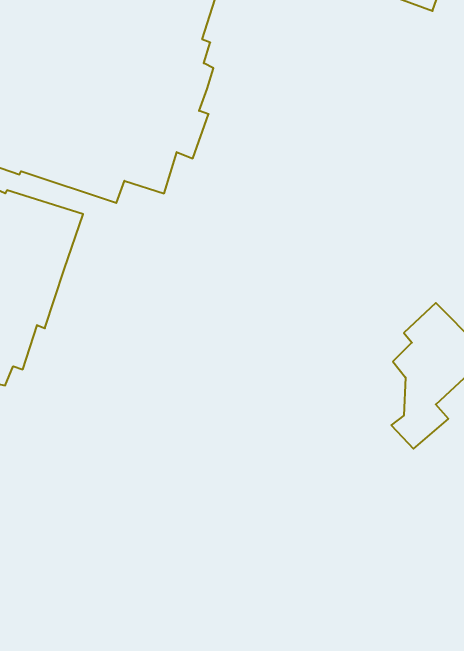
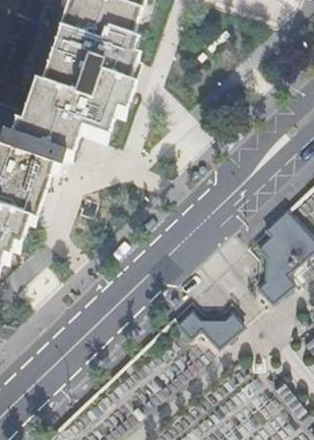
building: none -> [175,305,241,342]

